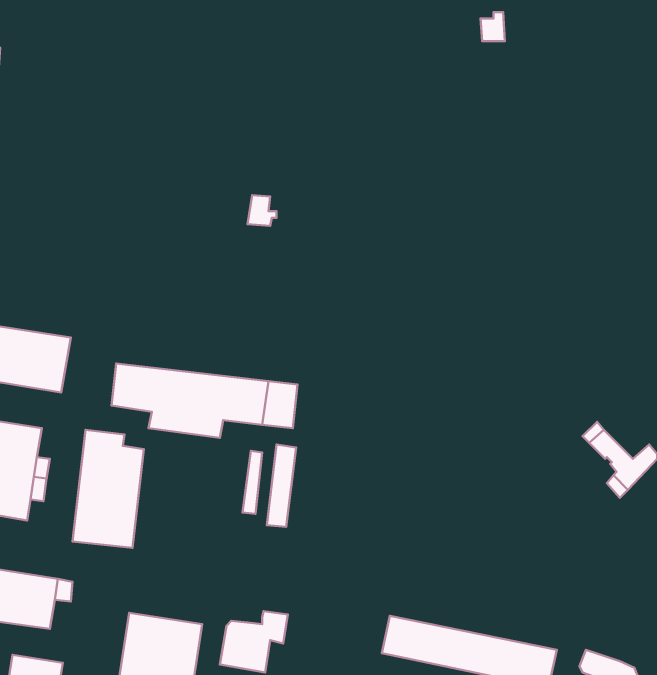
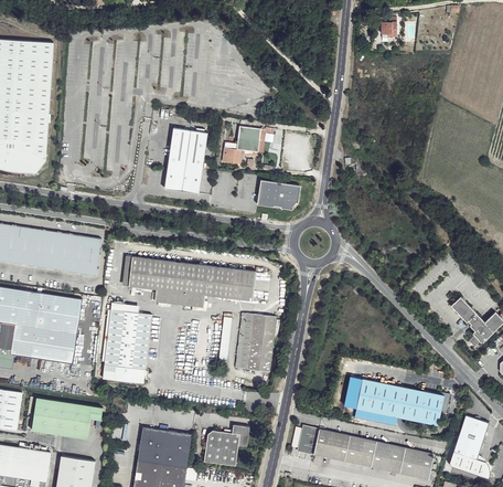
building: none -> [236,127,265,156]
building: none -> [163,128,207,194]
building: none -> [257,183,297,211]
building: none -> [248,315,276,371]
building: none -> [355,379,449,424]
building: none -> [452,416,488,460]
building: none -> [292,426,319,455]

